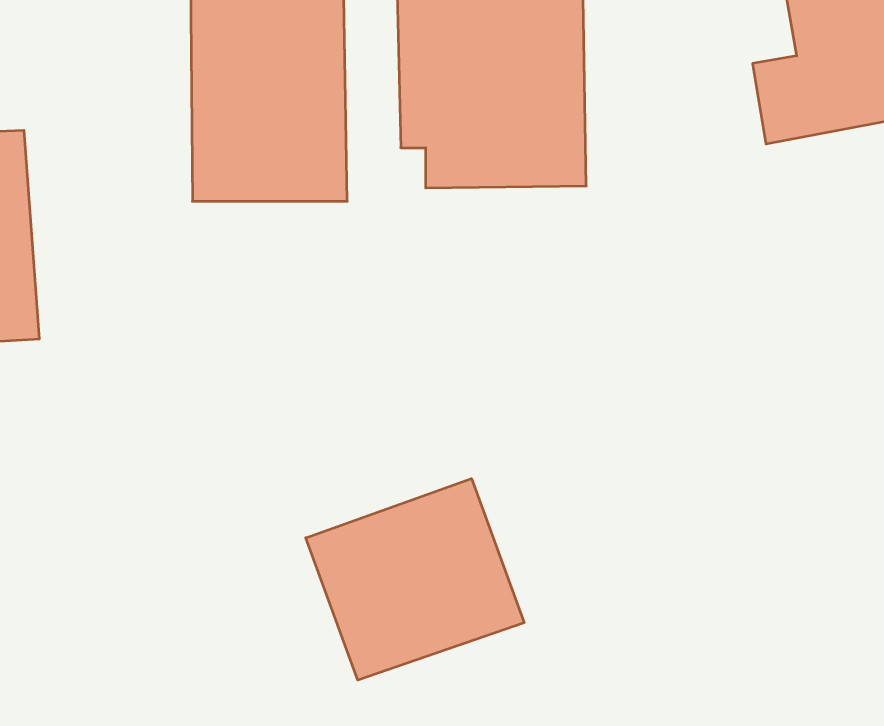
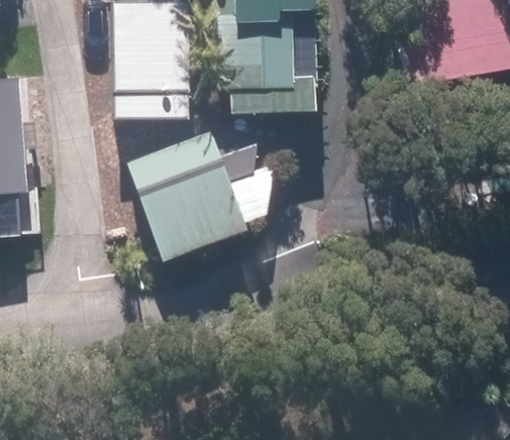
building: none -> [127,132,253,260]
building: [306,479,524,680] -> none

